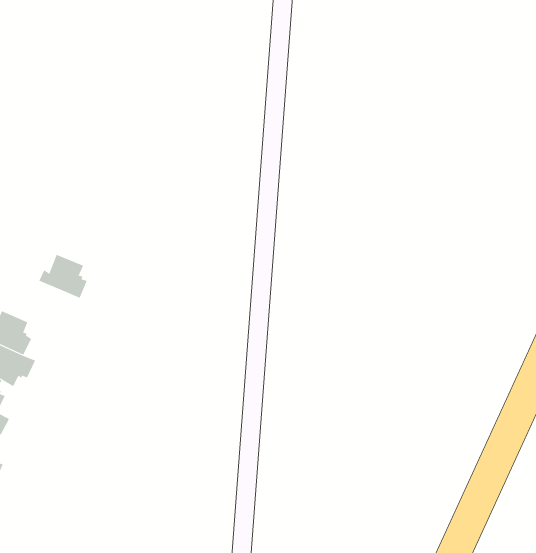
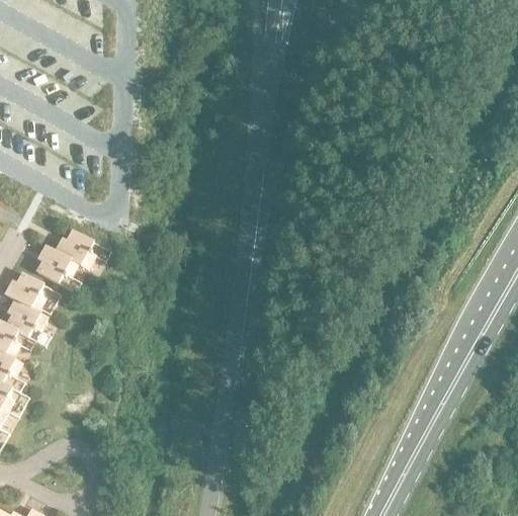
building: none -> [35,244,76,281]

